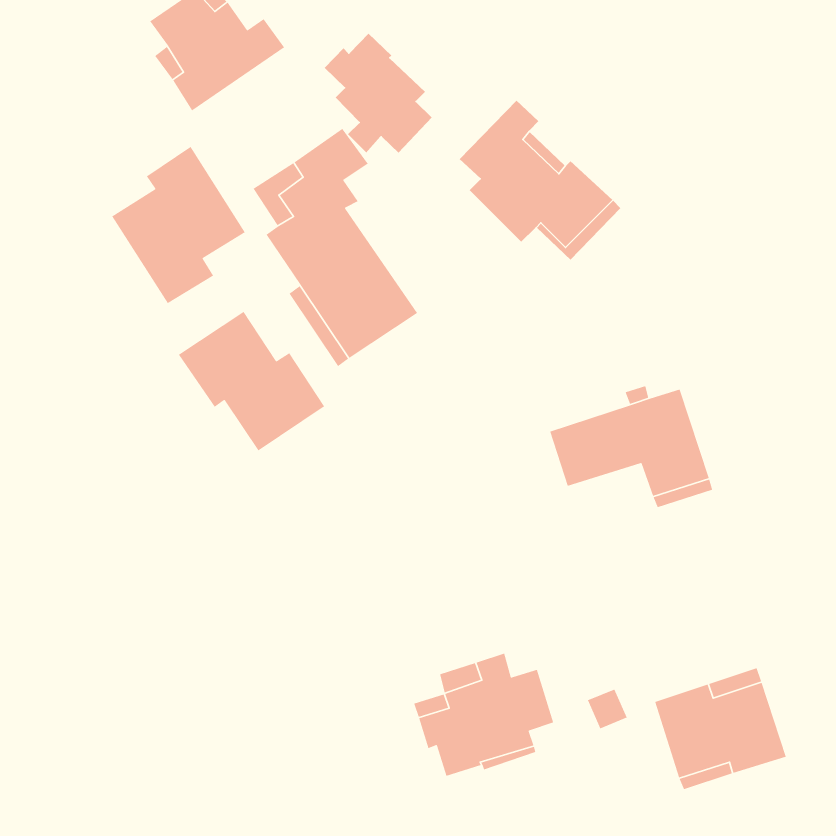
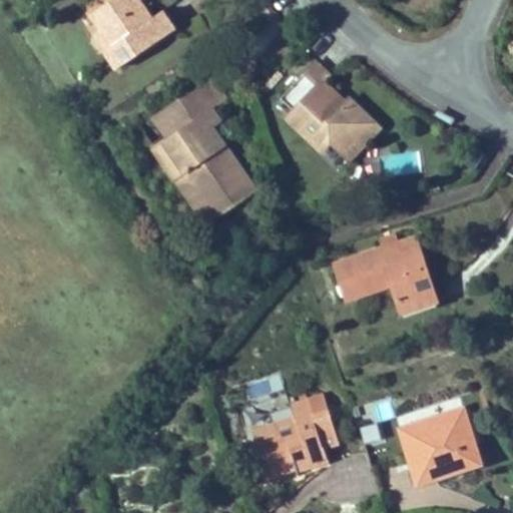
building: [324,33,432,153] -> none
building: [111,146,246,304] -> none
building: [178,311,325,452] -> none

